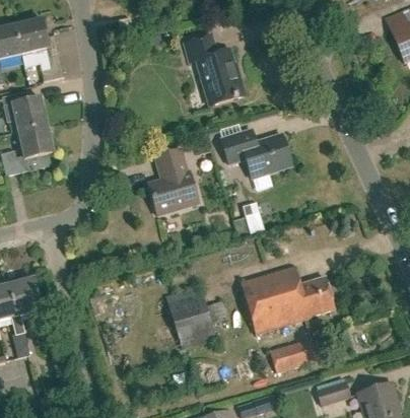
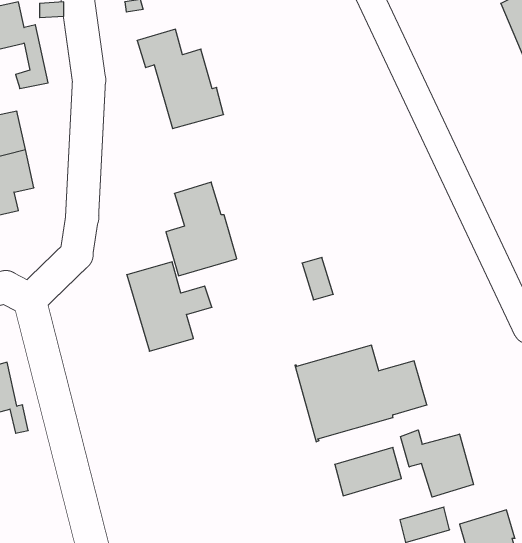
building: [184,33,246,104] -> [137,29,224,129]
building: [221,128,292,177] -> none
building: [165,284,226,348] -> [127,262,212,351]
building: none -> [400,430,473,497]

